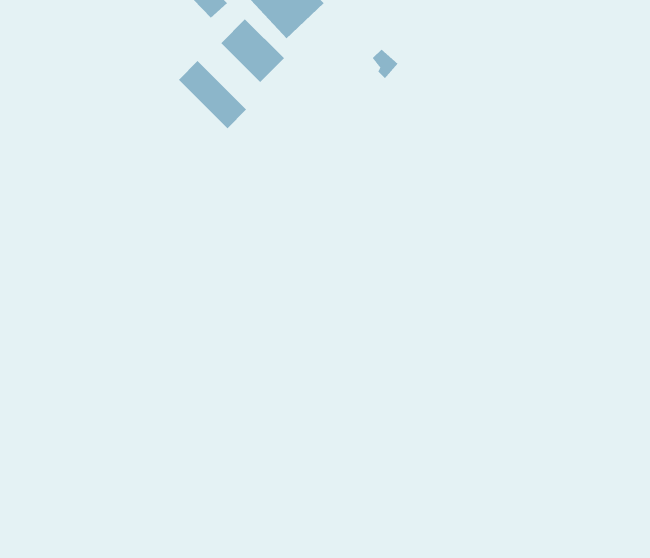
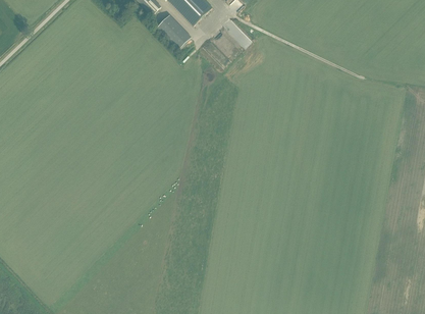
building: [178,60,247,129] -> none

